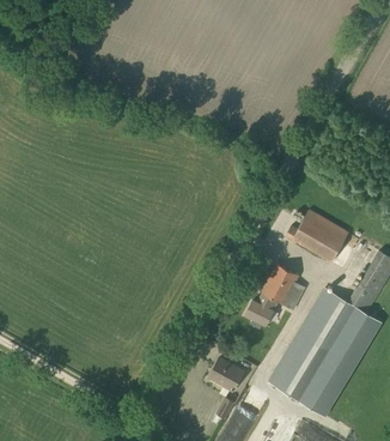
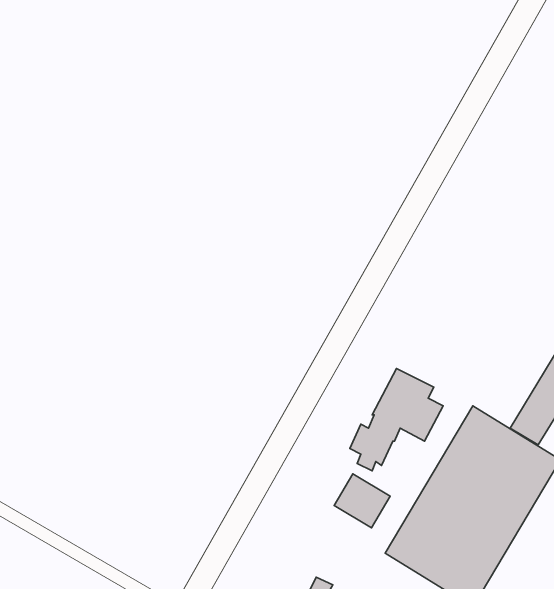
building: [284,210,348,264] -> none
building: [207,357,243,392] -> [334,474,390,528]

